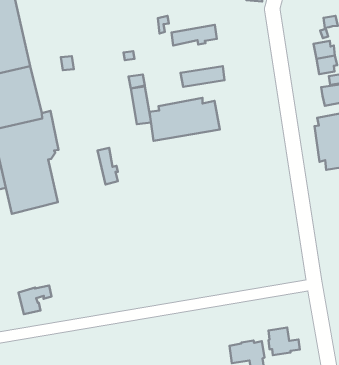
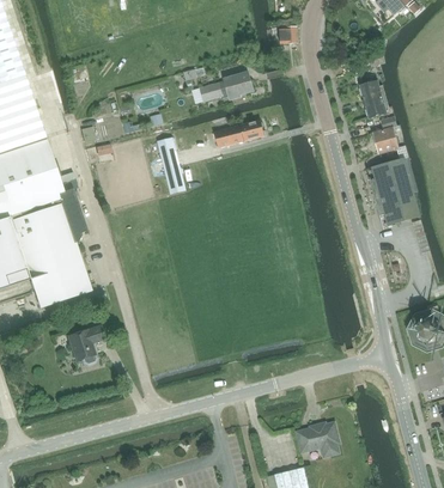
building: [150,98,220,141] -> none
building: [97,148,118,185] -> none
building: [19,286,51,314] -> [68,324,105,359]
building: [269,328,300,355] -> none

